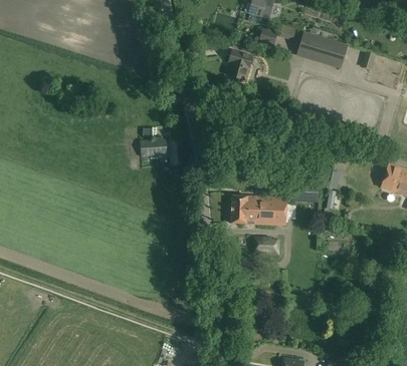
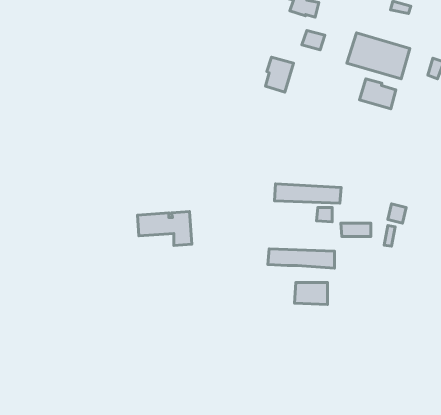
building: none -> [359,79,396,109]
building: [140,136,185,164] -> [137,212,192,245]
building: [231,196,286,212] -> [274,184,341,203]

